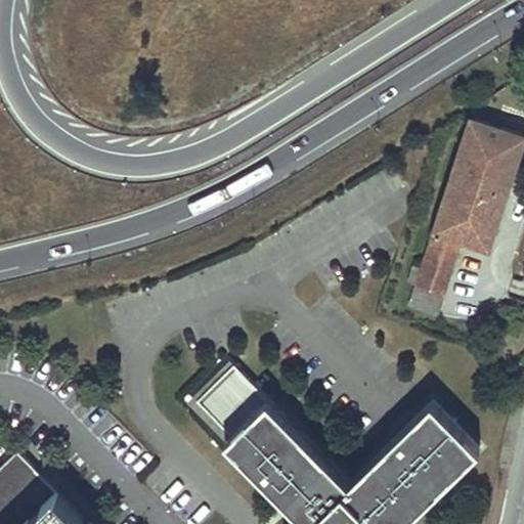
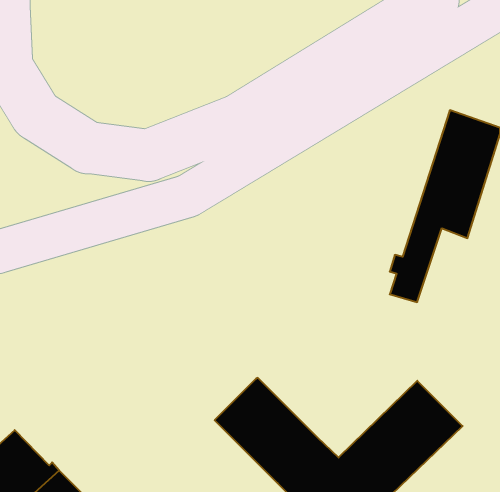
building: [184,366,266,448] -> none

